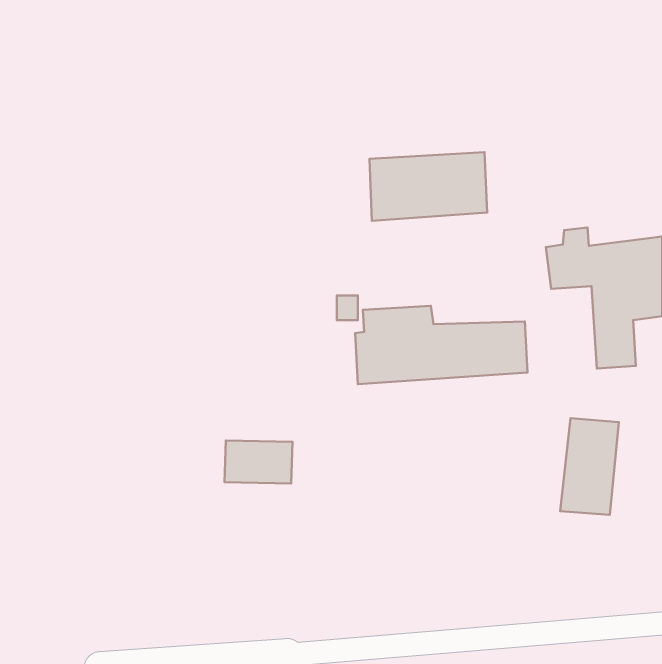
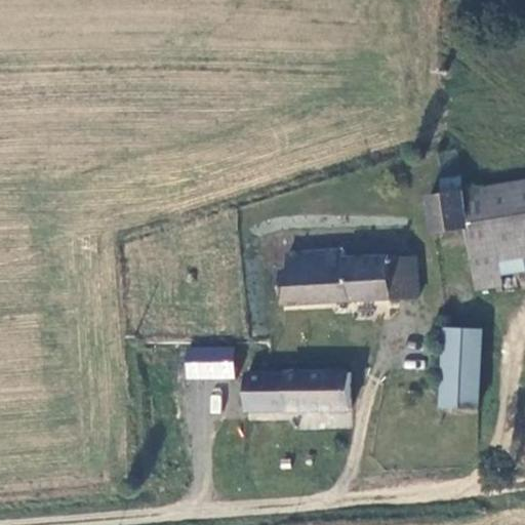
building: [369,152,487,221] -> none
building: none -> [247,371,353,410]

